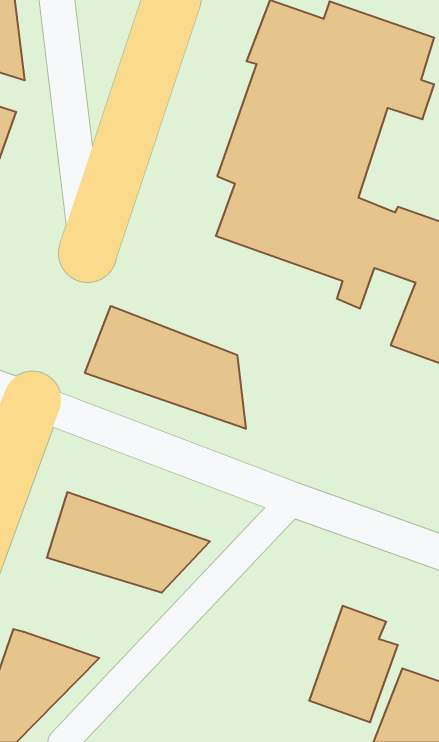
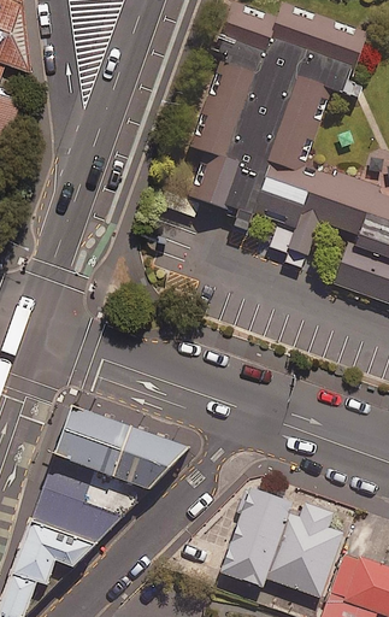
building: [85,306,246,429] -> none
building: none -> [30,463,145,546]
building: none -> [217,490,288,589]

